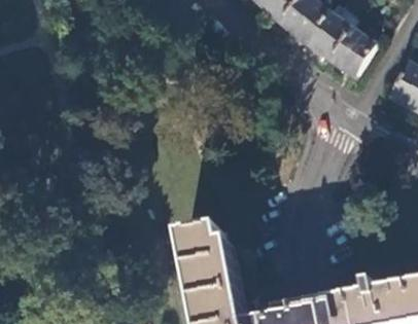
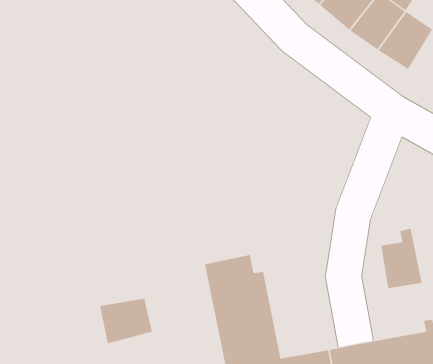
building: none -> [381,228,422,289]
building: none -> [100,298,152,344]

